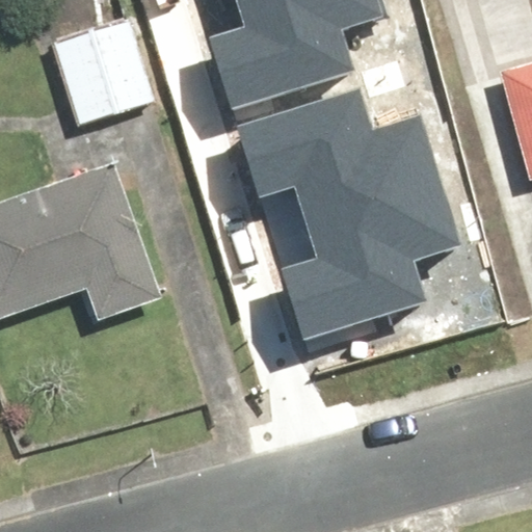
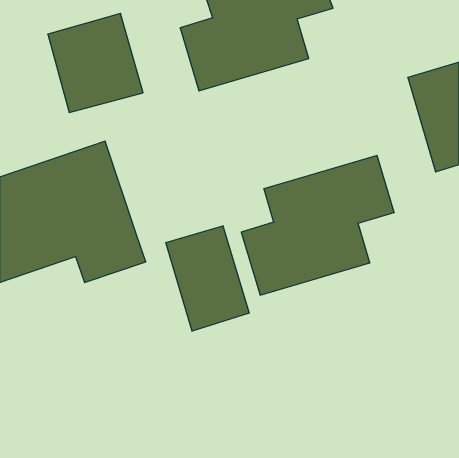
building: [232,84,435,218] -> none
building: none -> [166,226,249,331]

